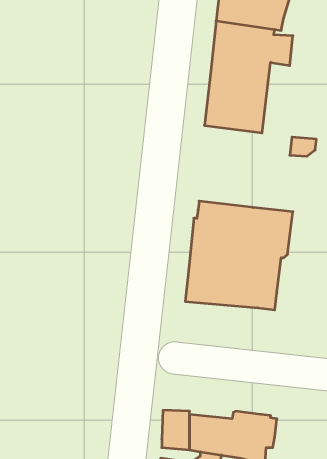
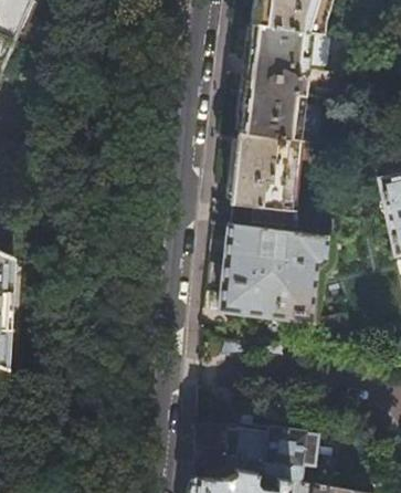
building: none -> [232,130,300,216]

